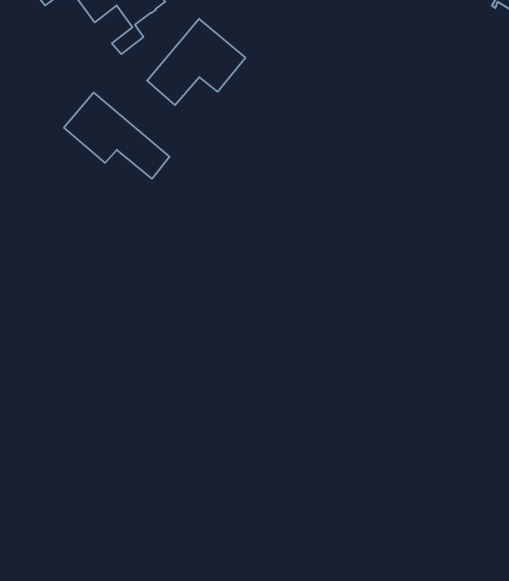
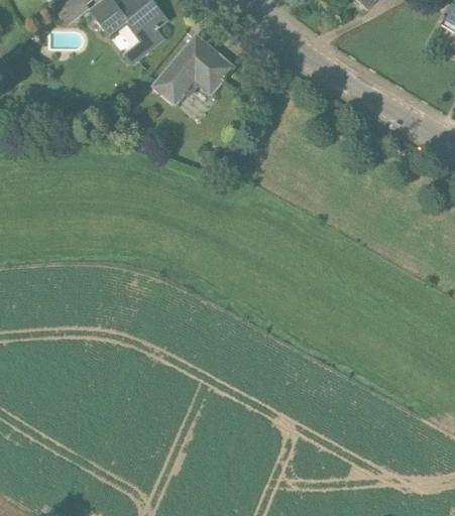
building: [64,93,170,179] -> none

